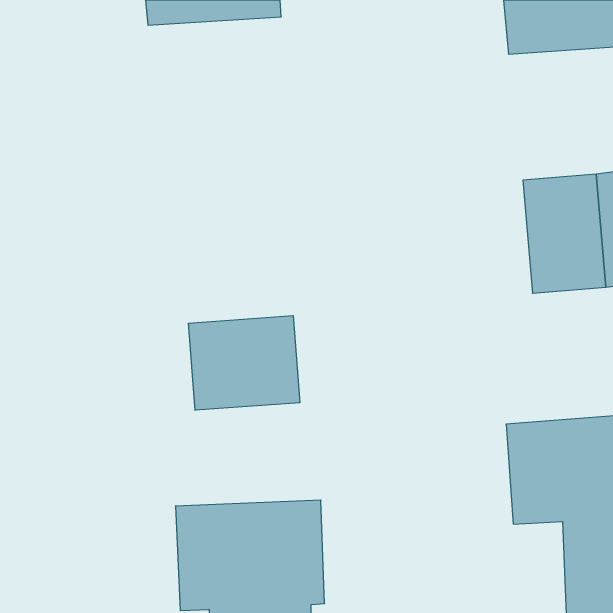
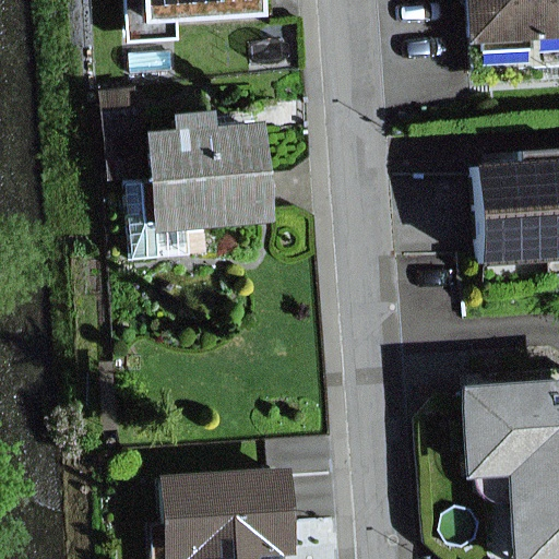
building: none -> [133,111,270,253]
building: [189,316,300,410] -> none

